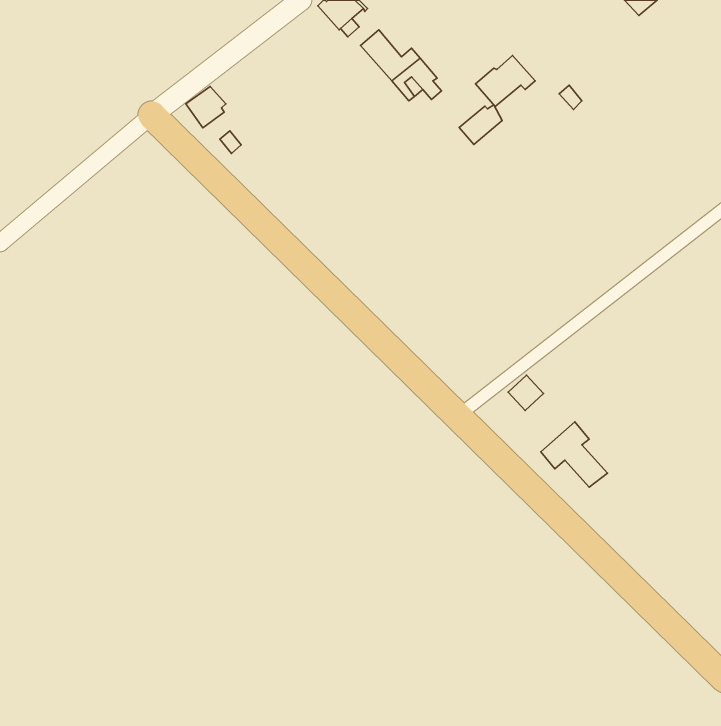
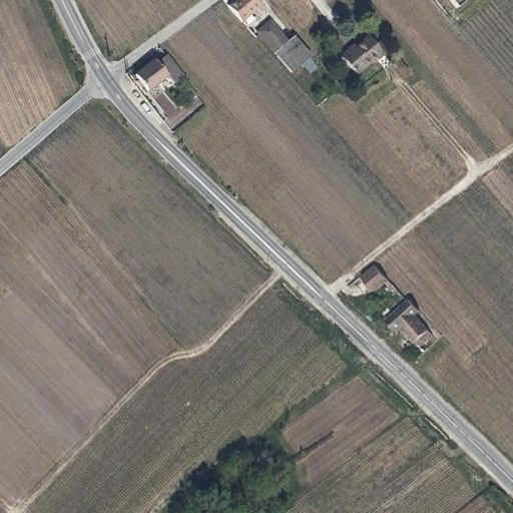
building: none -> [151,54,182,82]
building: [459,105,502,145] -> none

